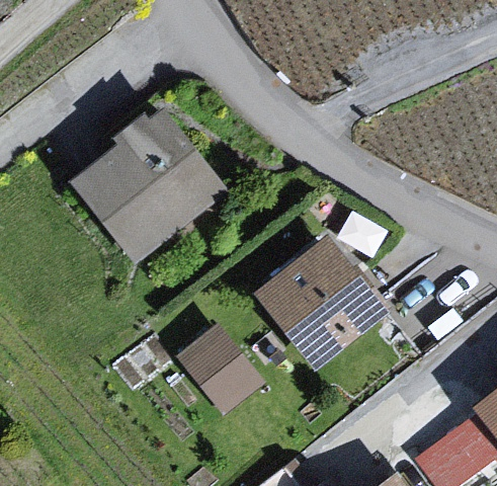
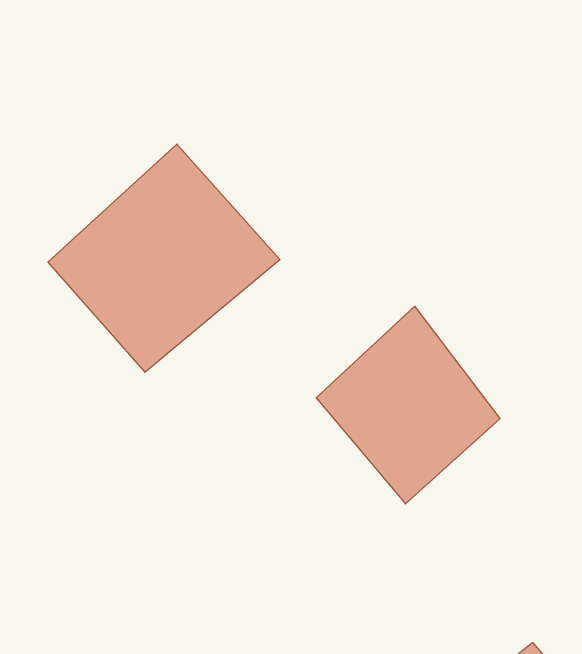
building: [182,312,272,406] -> none

